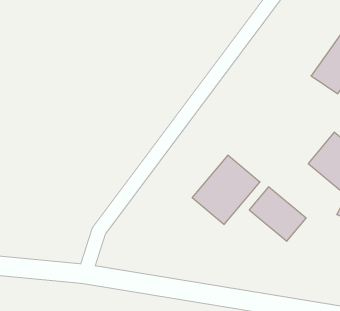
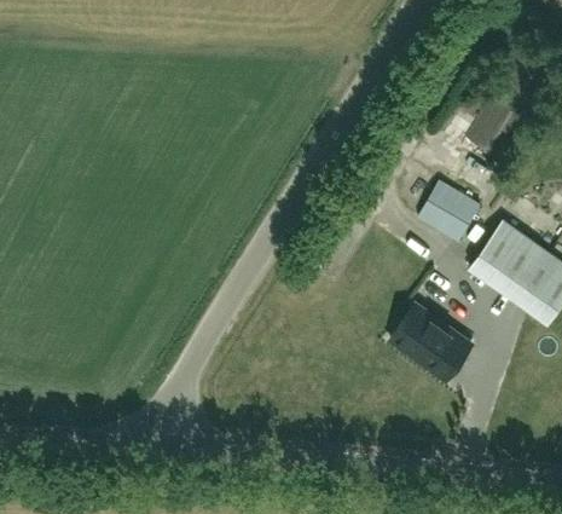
building: none -> [416,180,480,243]
building: [192,155,260,225] -> none

